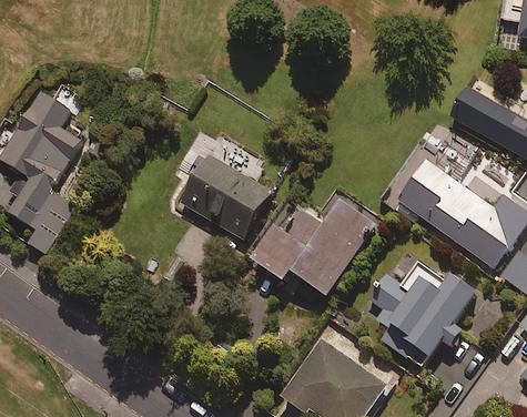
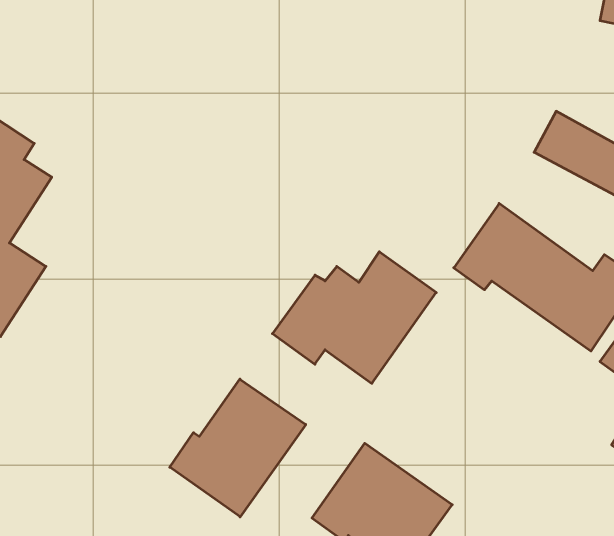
building: [179,152,268,236] -> none
building: [368,262,477,367] -> none
building: none -> [170,379,306,517]

